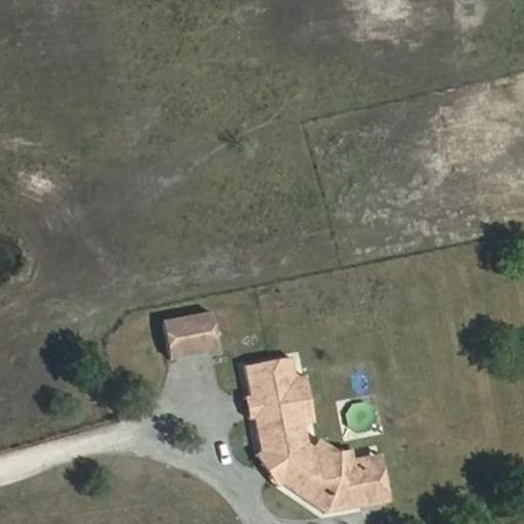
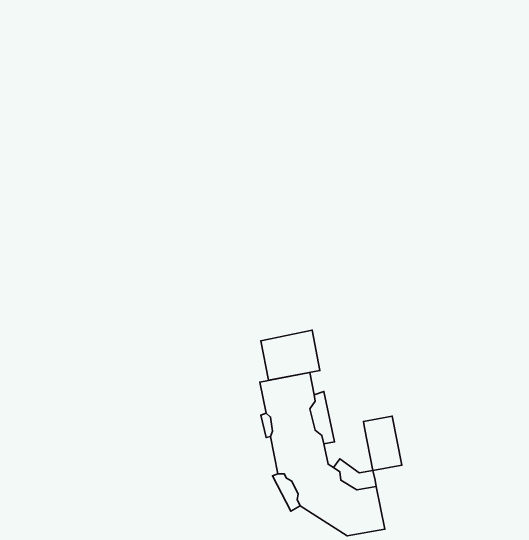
building: [167,311,223,359] -> [261,330,320,380]
building: [359,455,396,508] -> [363,416,402,471]

